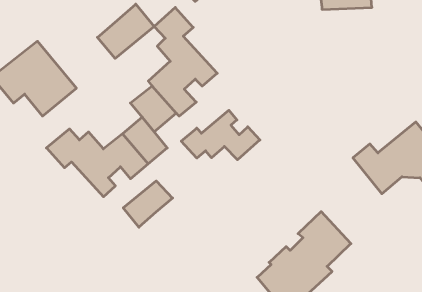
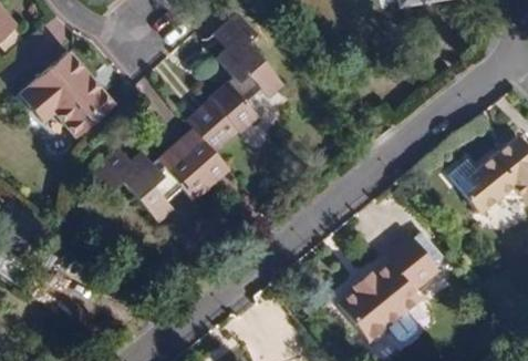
building: [97,4,154,58] -> none
building: [181,110,260,160] -> none
building: [123,181,173,227] -> none

